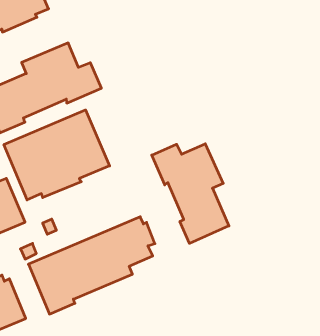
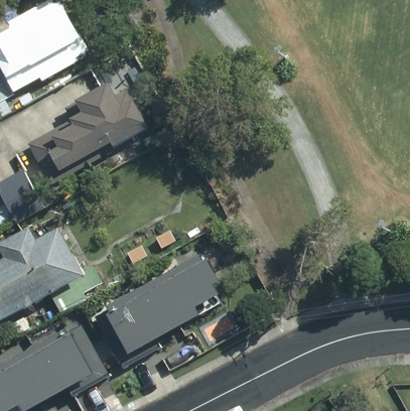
building: [4,110,110,200] -> none
building: [152,144,229,243] -> none

